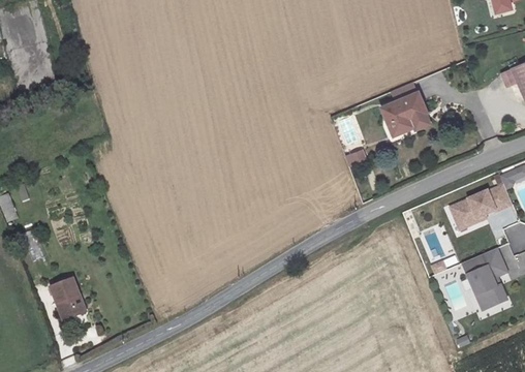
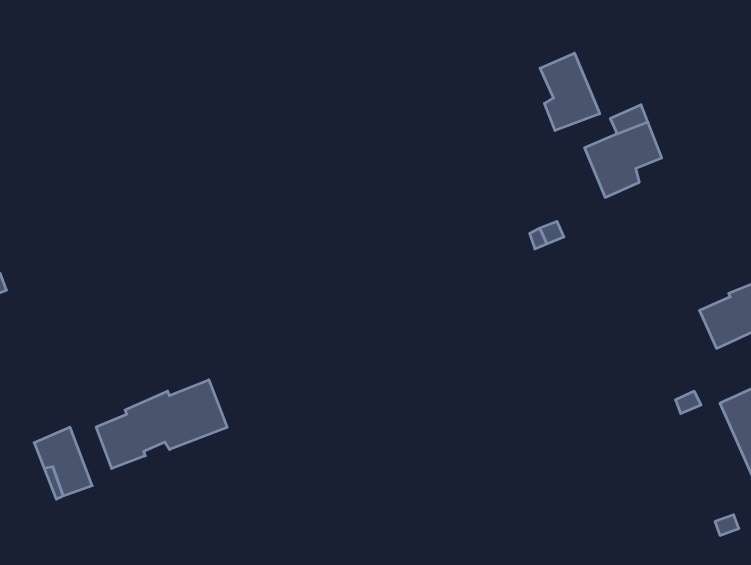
building: none -> [540,53,600,131]
building: none -> [96,380,227,469]

